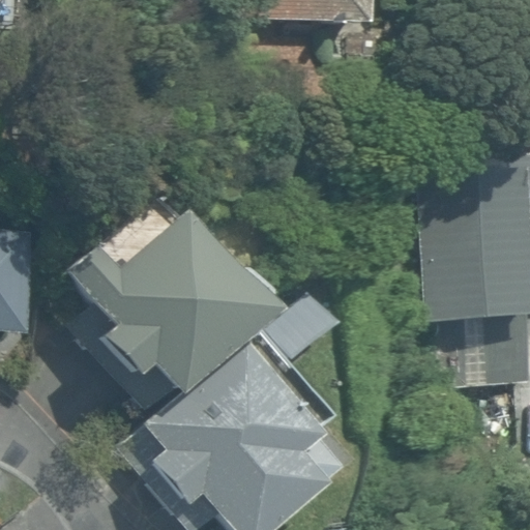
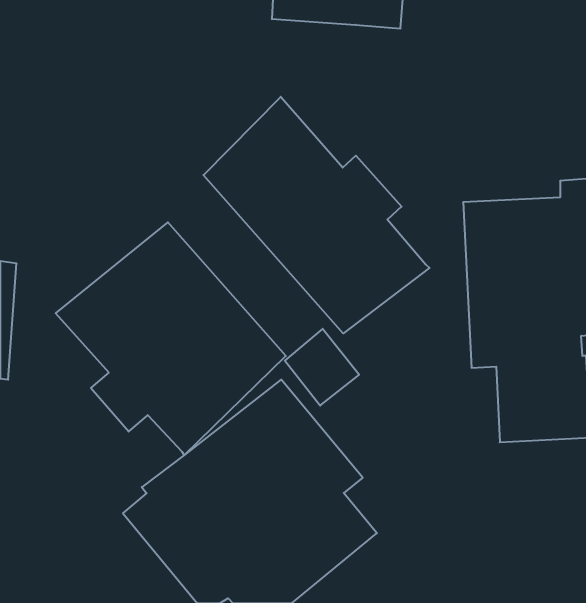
building: none -> [203,97,430,333]

